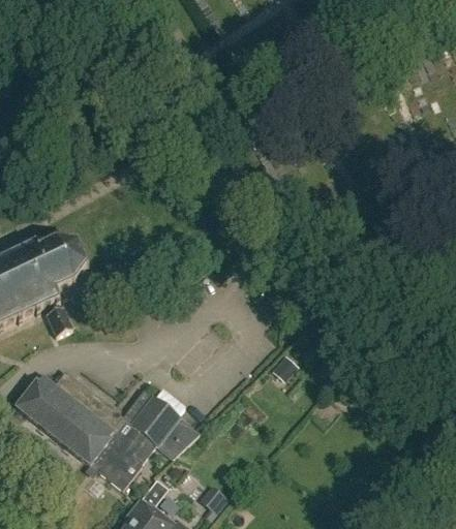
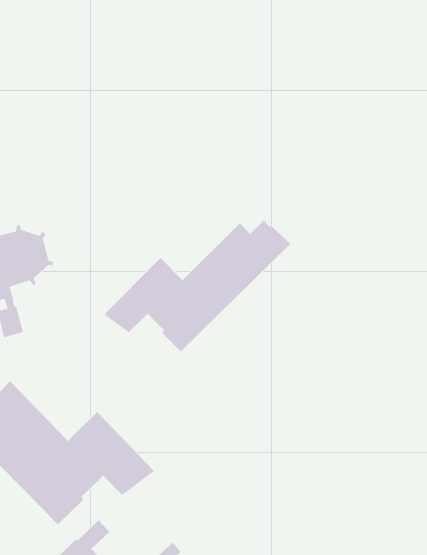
building: none -> [103,220,291,352]

